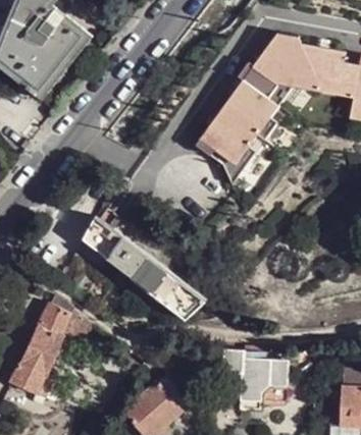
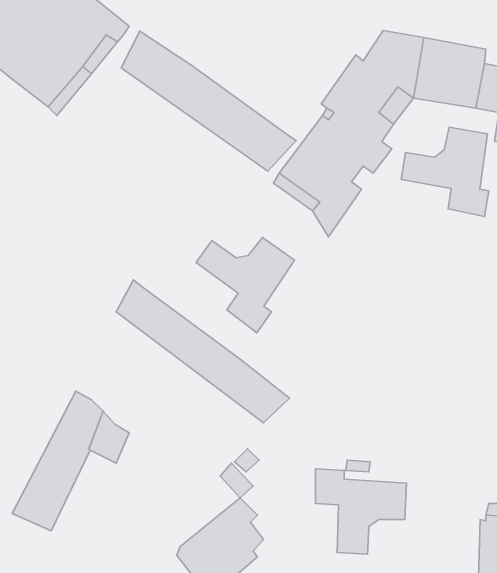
building: none -> [121,31,296,171]
building: none -> [401,127,489,217]
building: none -> [196,237,295,333]

